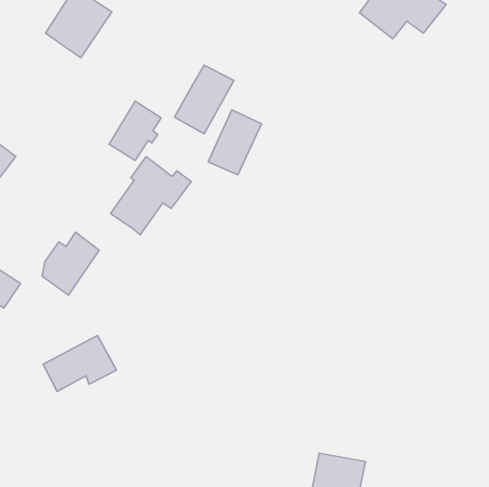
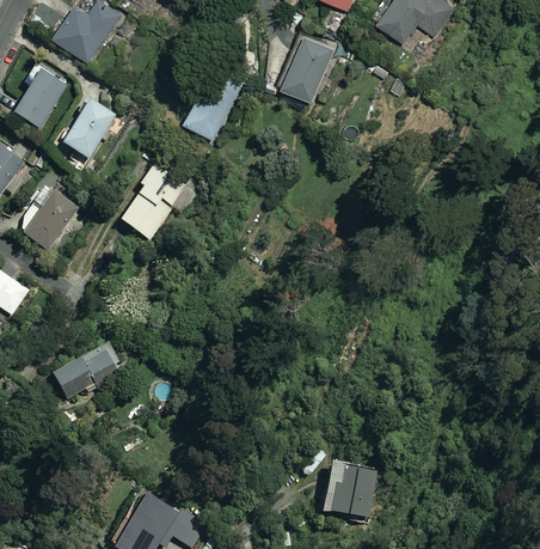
building: none -> [13,66,67,129]
building: [109,101,161,161] -> [62,99,115,159]
building: [208,110,262,175] -> [280,35,333,100]
building: [42,232,99,295] -> [22,187,79,250]

